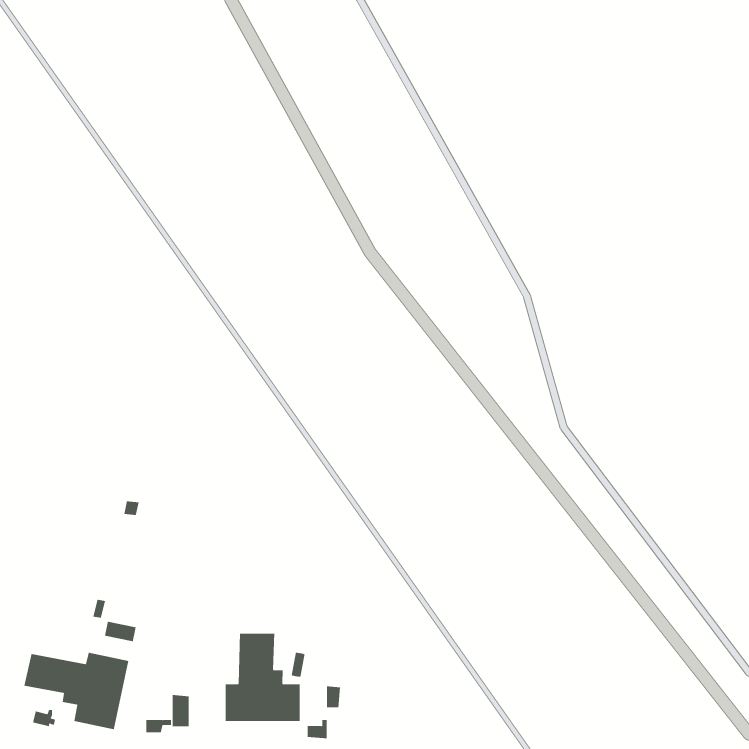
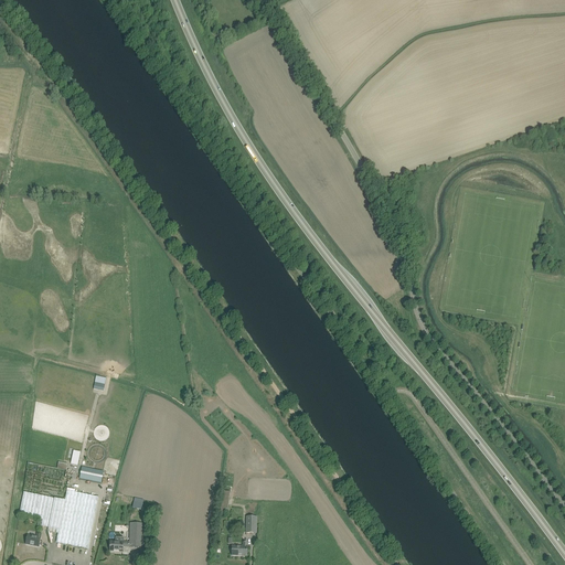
building: [225,633,300,722] -> none

